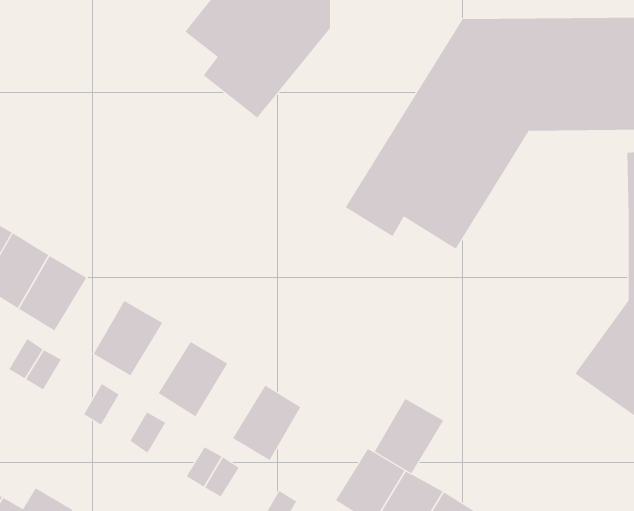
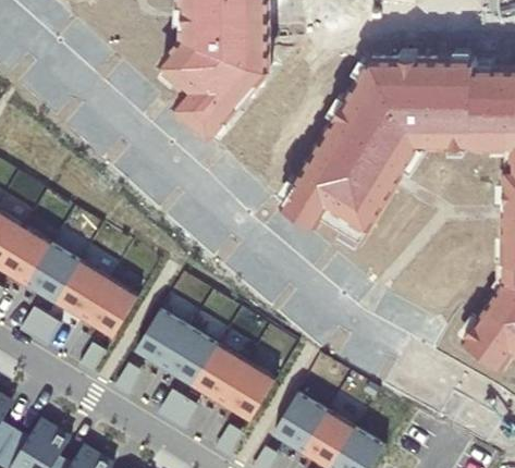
building: none -> [57,259,110,318]
building: none -> [165,325,219,383]
building: [374,398,444,474] -> [223,359,278,418]

